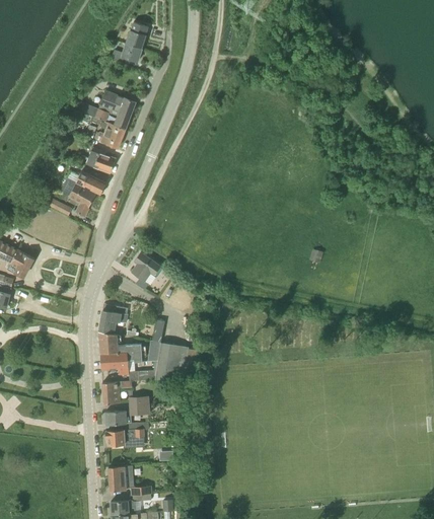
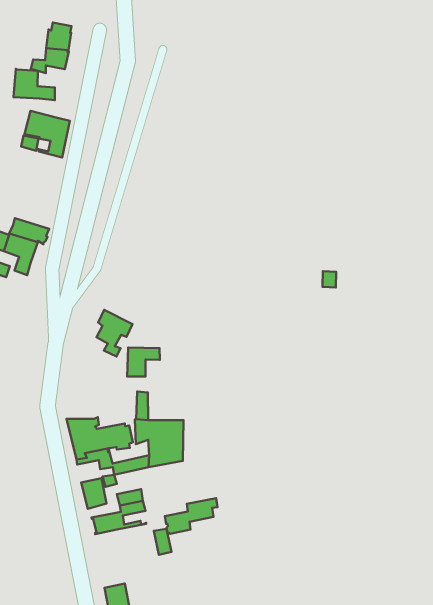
building: none -> [14,69,55,100]
building: [93,123,125,148] -> none
building: [86,147,115,172] -> none
building: [98,310,127,335] -> [127,348,160,377]
building: [106,423,148,445] -> [165,498,217,534]

